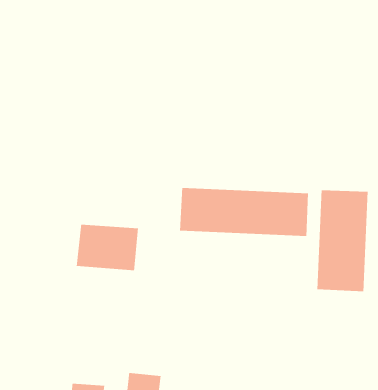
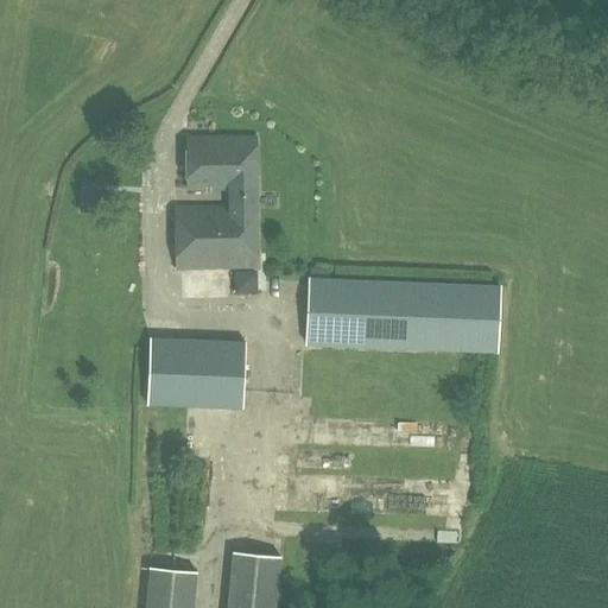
building: none -> [175,139,256,270]
building: [317,189,369,292] -> none

